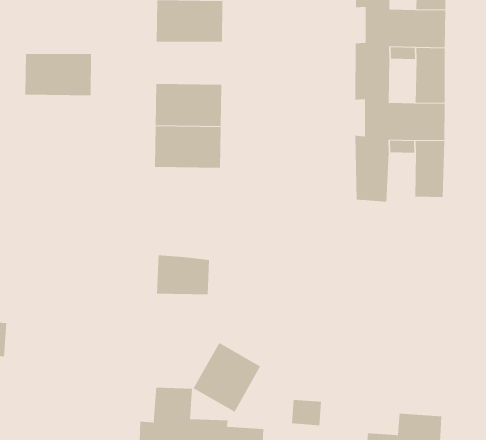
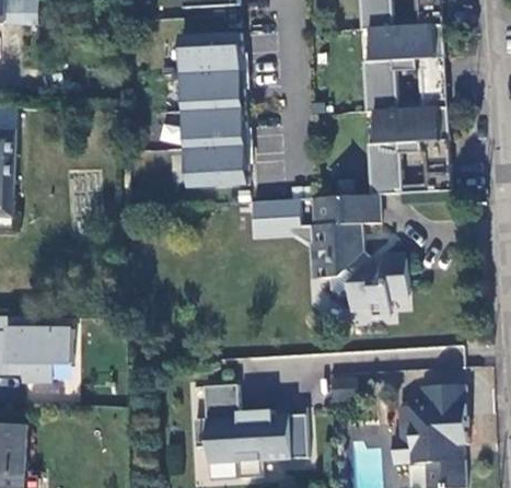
building: [25,53,92,96] -> [182,65,244,106]
building: none -> [317,198,408,321]
building: [156,255,210,295] -> [257,205,305,240]
building: [193,342,261,412] -> none

